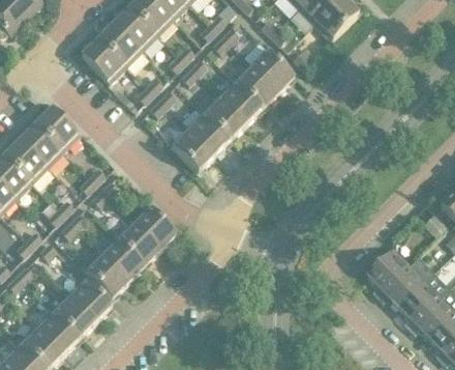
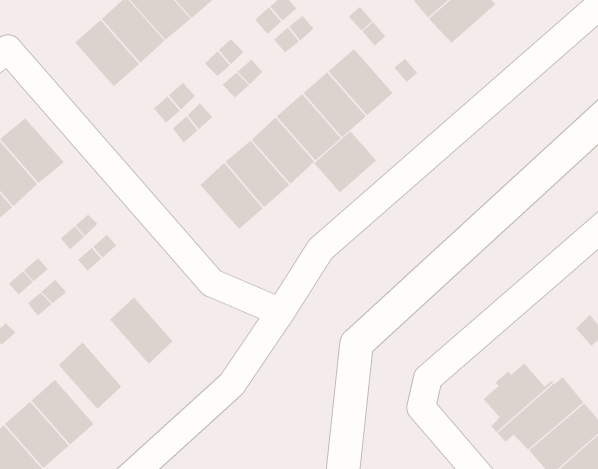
building: none -> [313,131,377,193]
building: [131,204,176,249] -> none
building: [99,237,144,281] -> none

